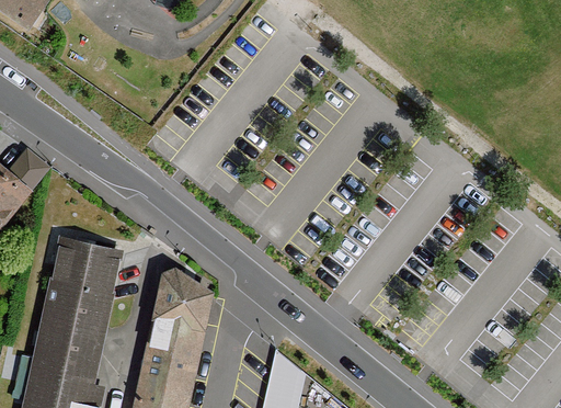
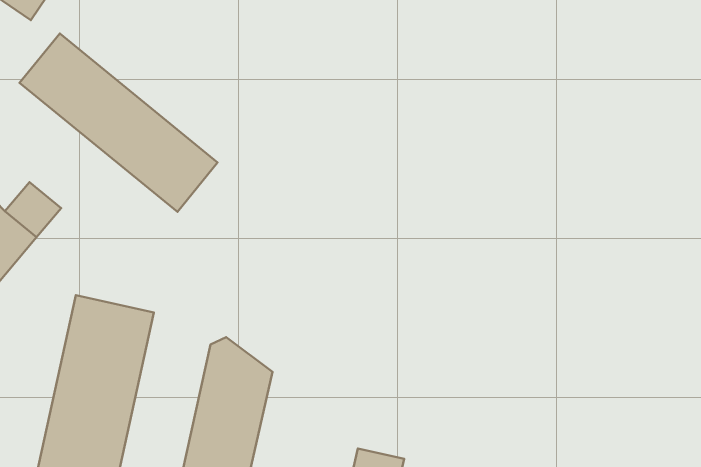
building: none -> [20,34,217,212]

